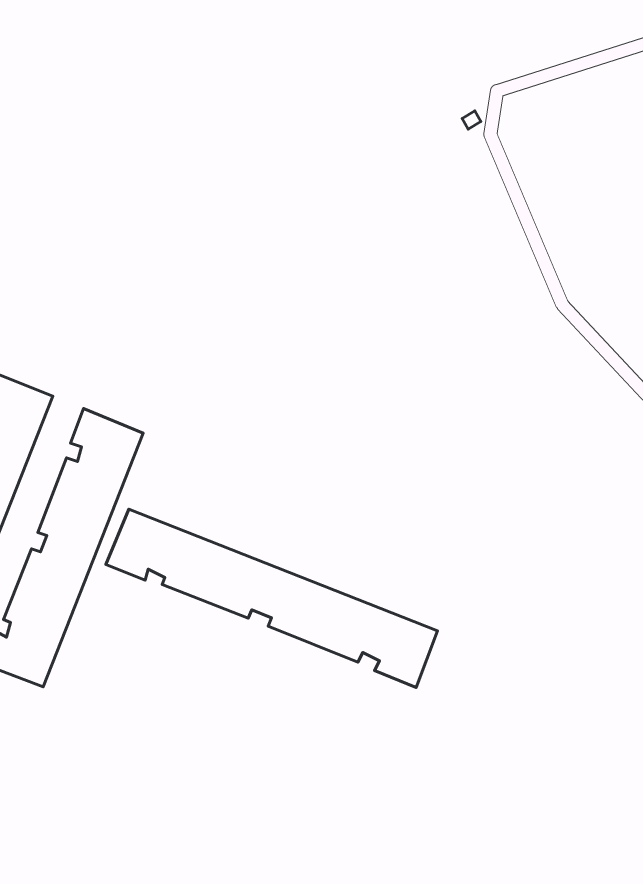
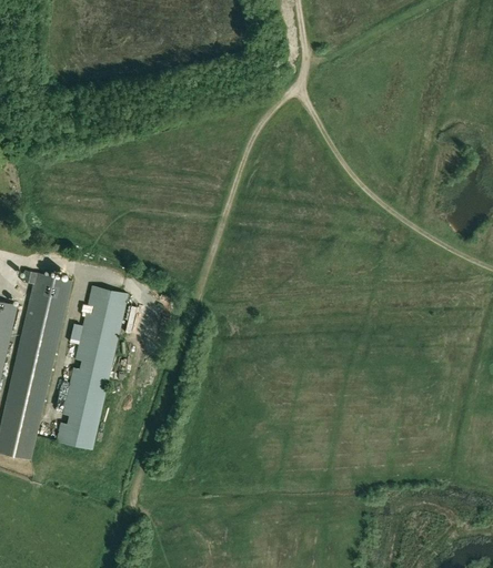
building: [106,509,437,687] -> none

